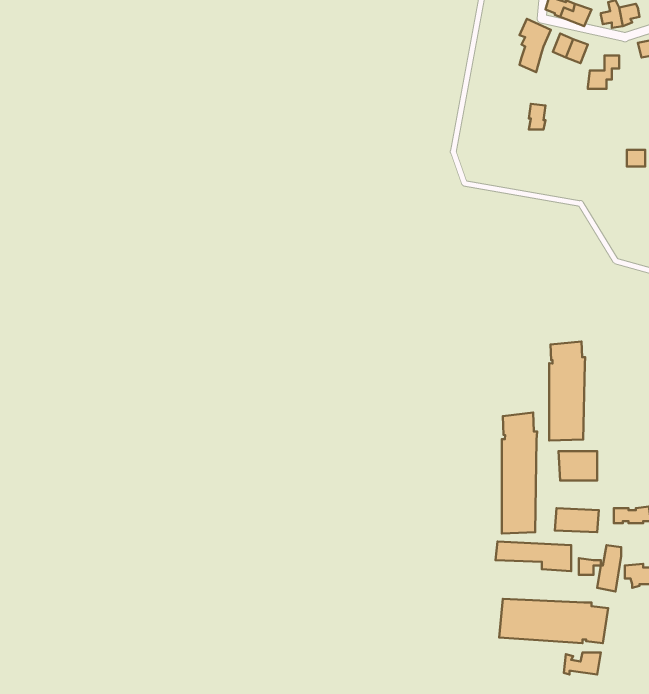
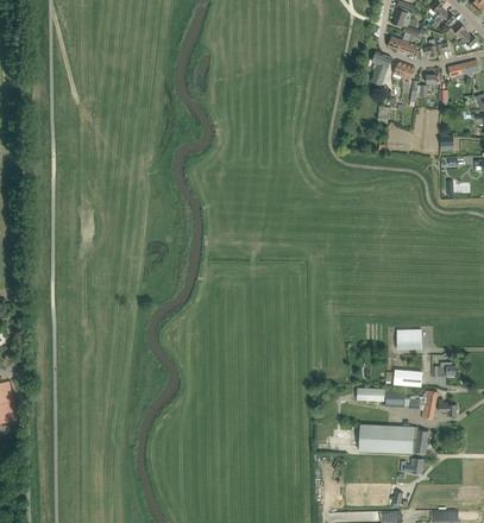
building: [549,342,585,440] -> none
building: [502,412,537,533] -> none

